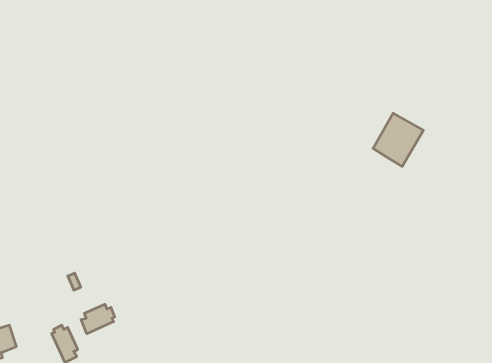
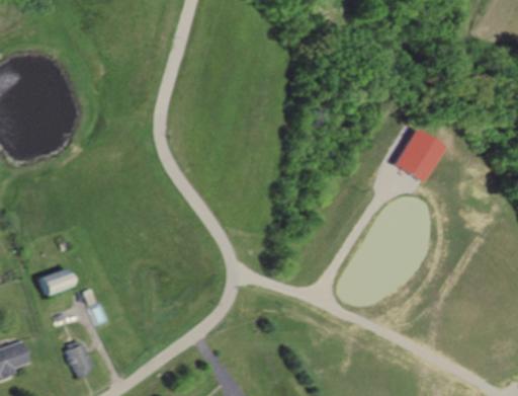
building: none -> [39,268,71,297]
building: [81,304,115,334] -> none

